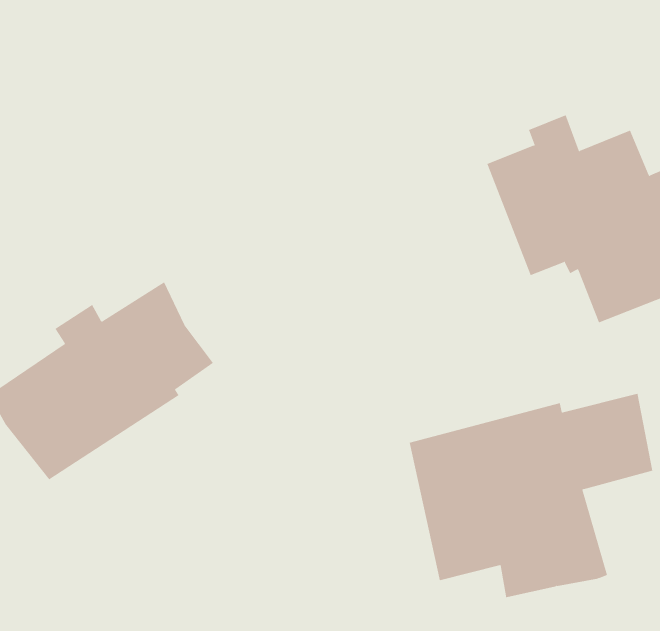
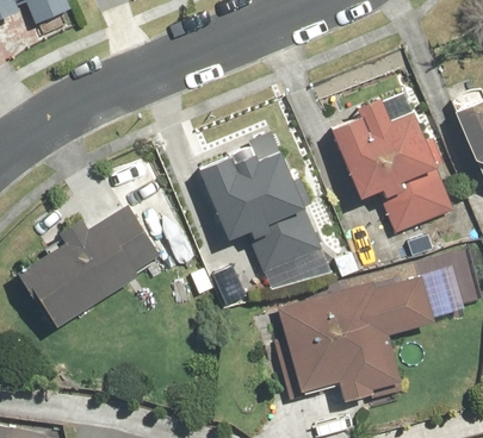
building: none -> [193,146,327,271]

